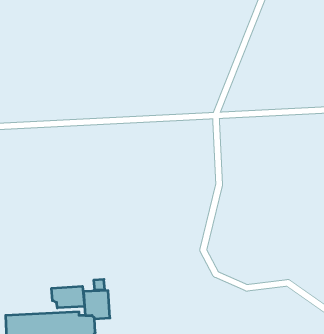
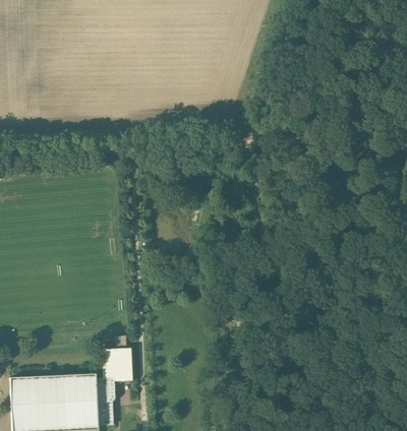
building: [52,286,84,308] -> none

